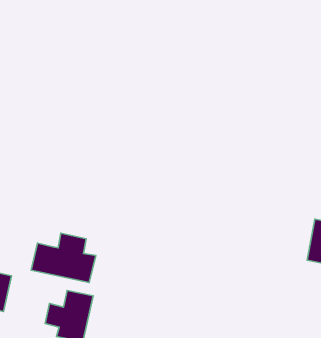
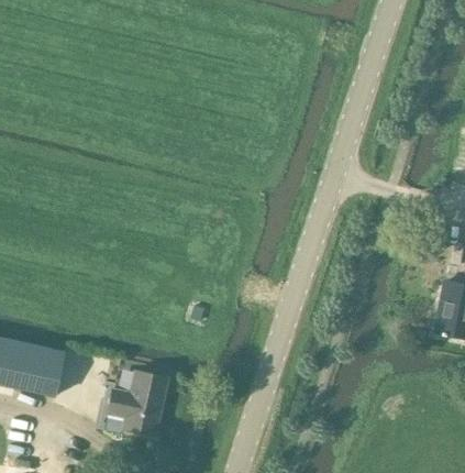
building: [31,233,96,282] -> none

